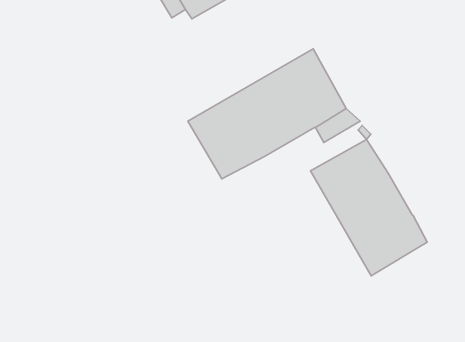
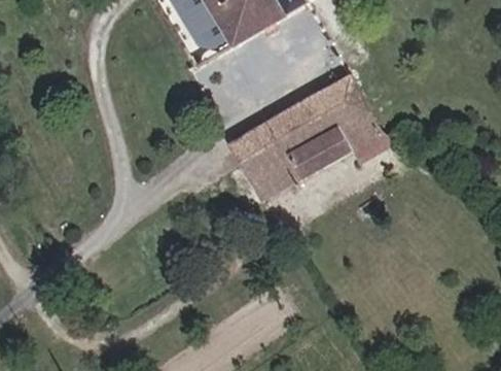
building: [311,139,427,276] -> none

